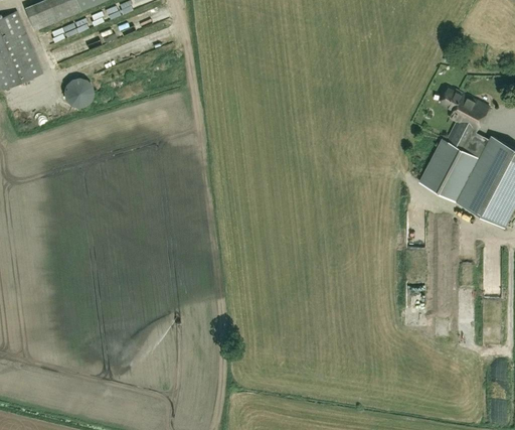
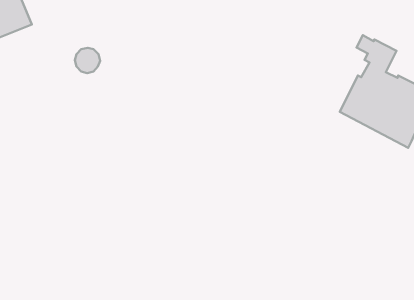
building: [62,78,94,109] -> [75,48,100,73]

